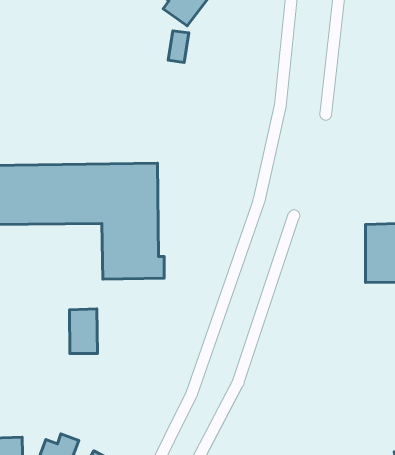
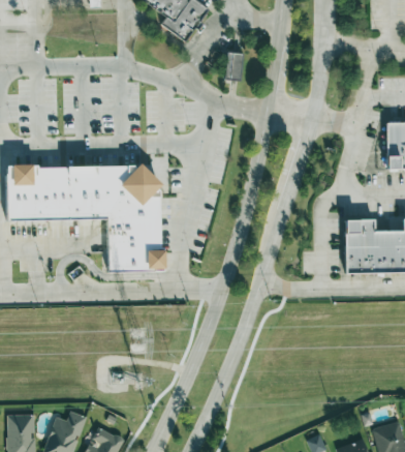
building: [168,31,189,63] -> [223,50,242,79]
building: [69,309,97,354] -> none

